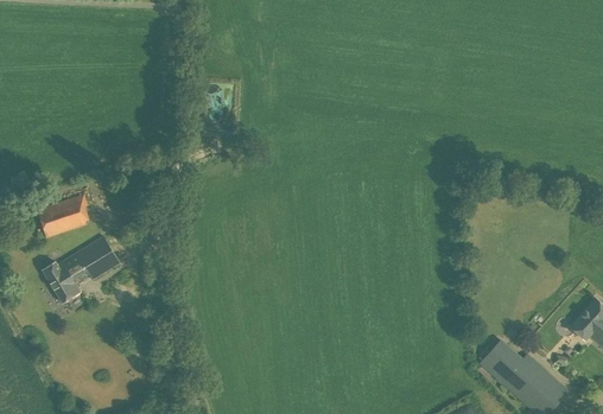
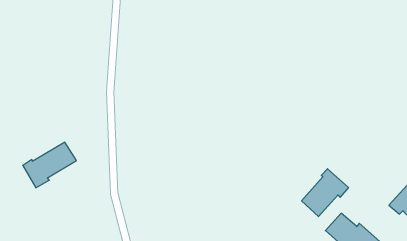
building: [36,195,88,238] -> none
building: none -> [302,169,348,217]

